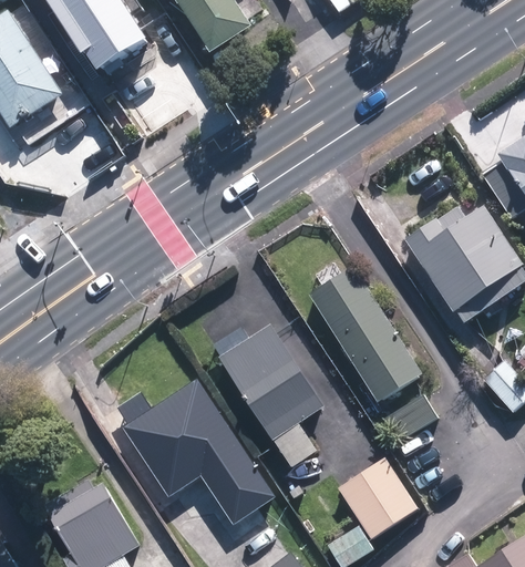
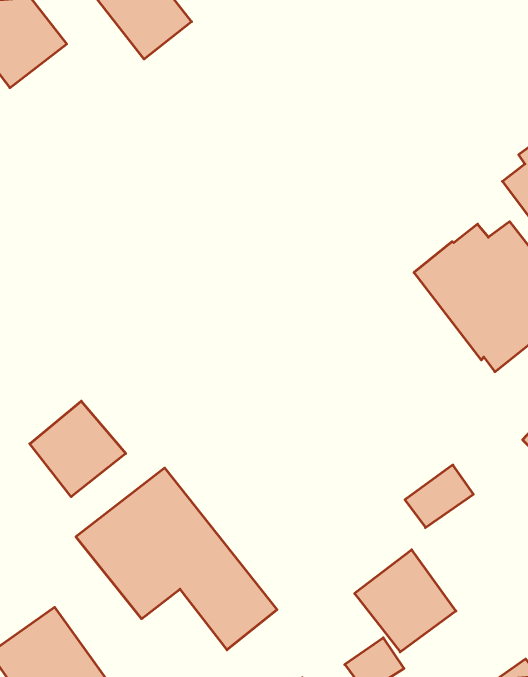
building: [307,260,419,403] -> none
building: none -> [30,401,126,497]
building: [216,323,322,467] -> none

